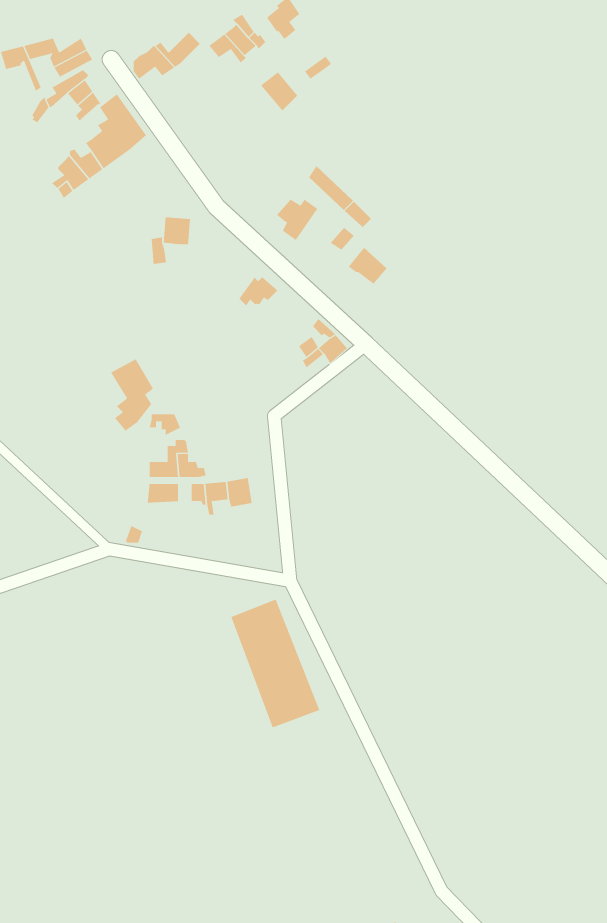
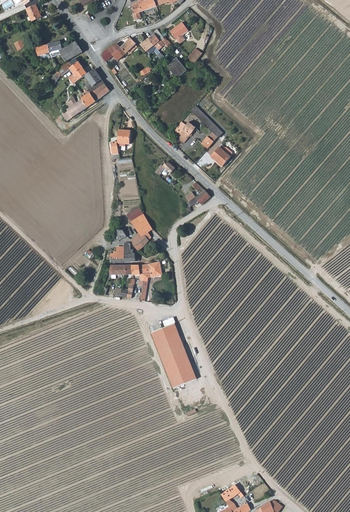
building: [110,359,154,432] -> [129,214,151,251]

